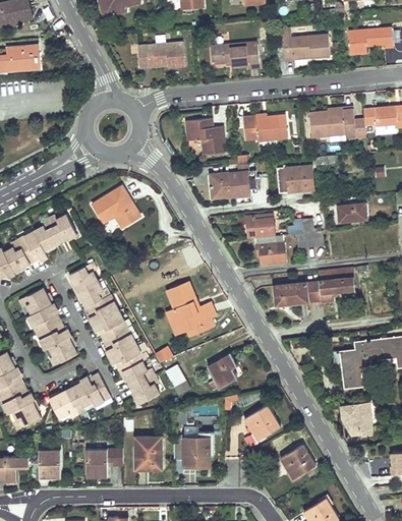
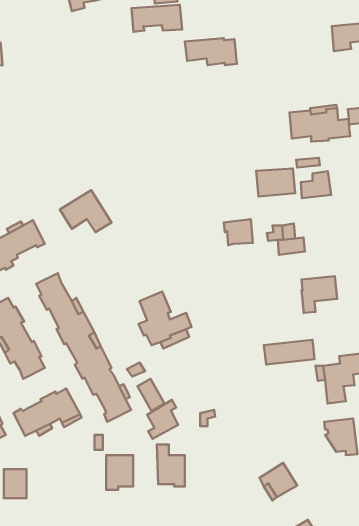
building: [283,35,330,60] -> none
building: [137,43,185,68] -> [131,5,182,32]
building: [243,115,287,140] -> none
building: [185,118,225,155] -> none
building: [210,164,250,196] -> none
building: [338,195,366,221] -> [301,171,331,198]
building: [255,235,285,265] -> none
building: [274,281,322,304] -> [264,340,315,365]
building: [208,353,237,390] -> [147,400,178,439]
building: [244,405,280,440] -> none
building: [85,449,123,477] -> none

